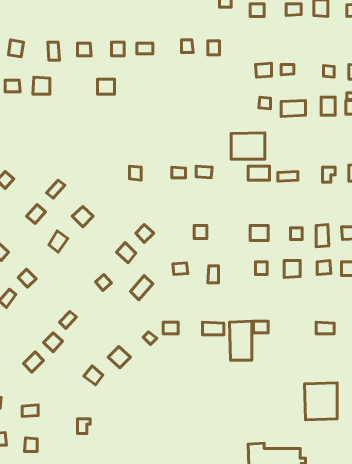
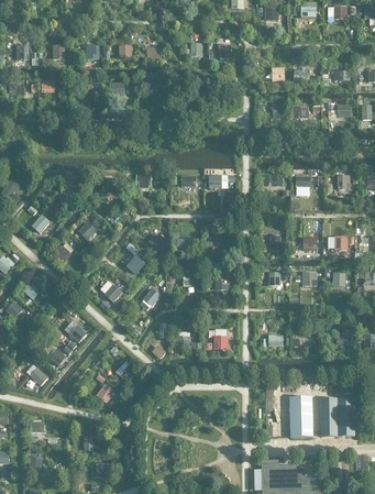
building: [231,133,265,159] -> none
building: [230,321,252,360] -> [290,396,313,437]

